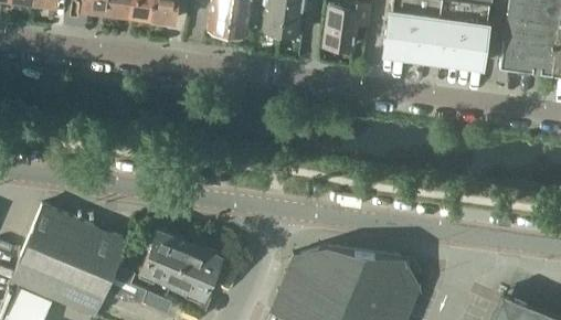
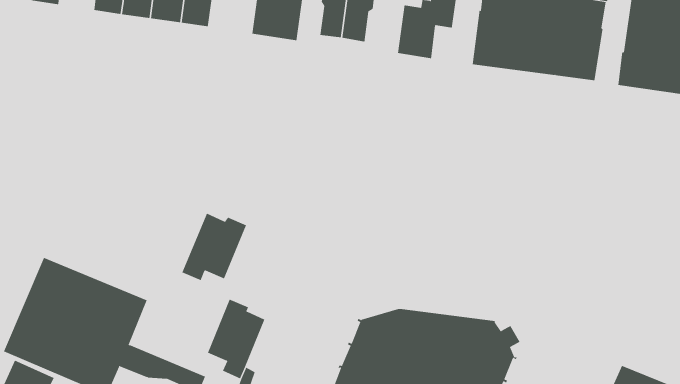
building: [138,234,190,288] -> [182,213,247,281]

